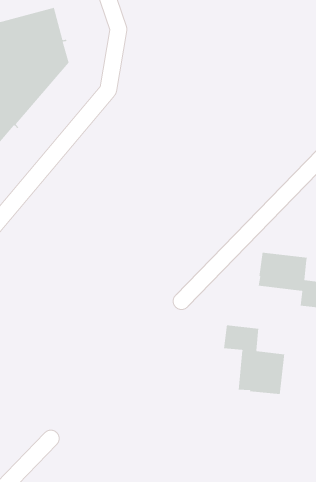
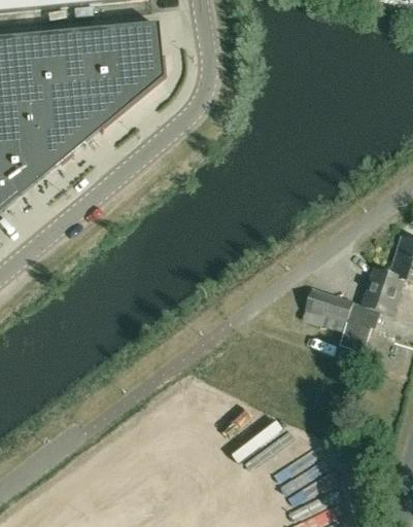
building: [224,325,285,395] -> none

